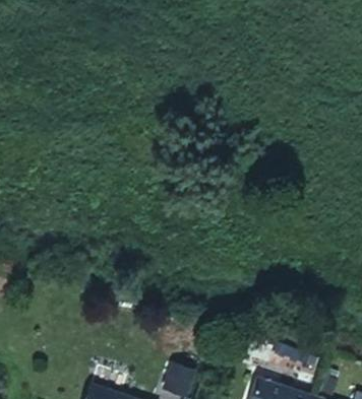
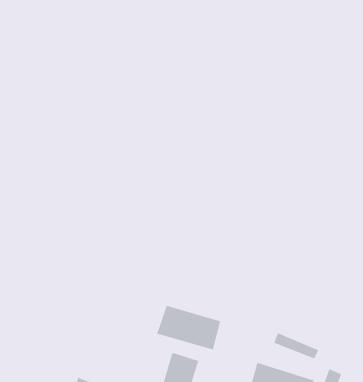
building: none -> [156,305,221,350]

